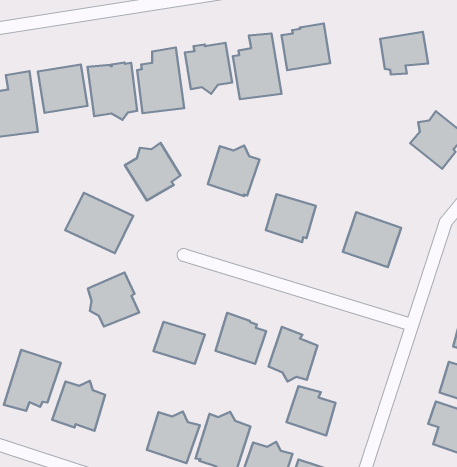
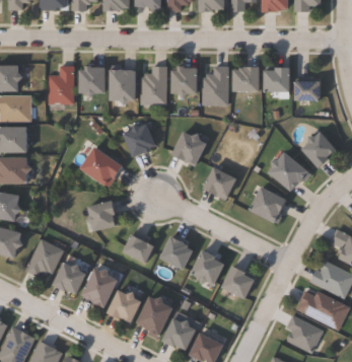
building: none -> [265,67,291,91]
building: none -> [269,152,310,192]
building: none -> [82,269,120,309]
building: [287,386,336,435] -> [223,267,256,300]

